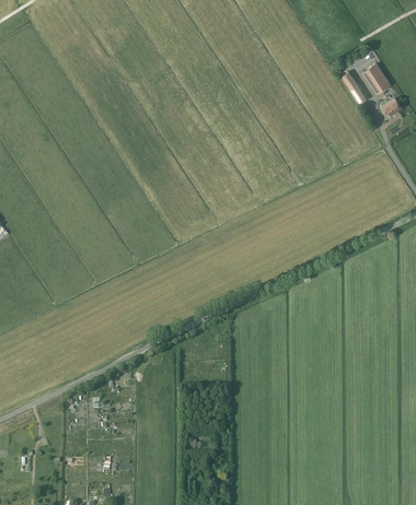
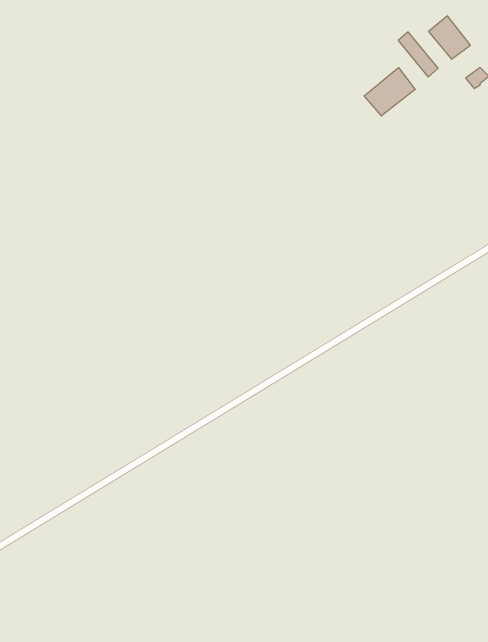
building: none -> [364,68,415,116]

